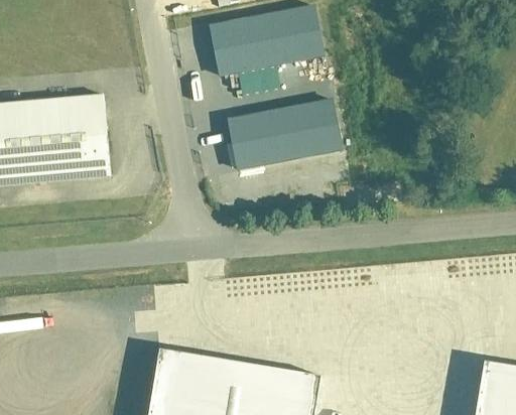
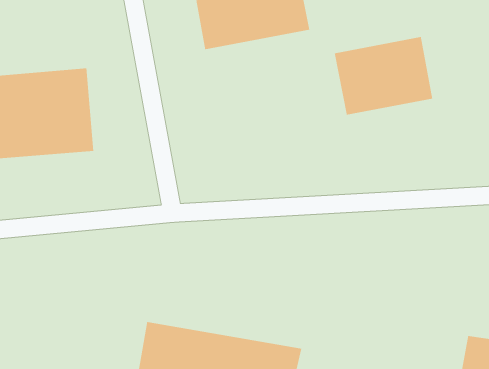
building: none -> [334,36,433,115]
building: [226,99,341,169] -> none

